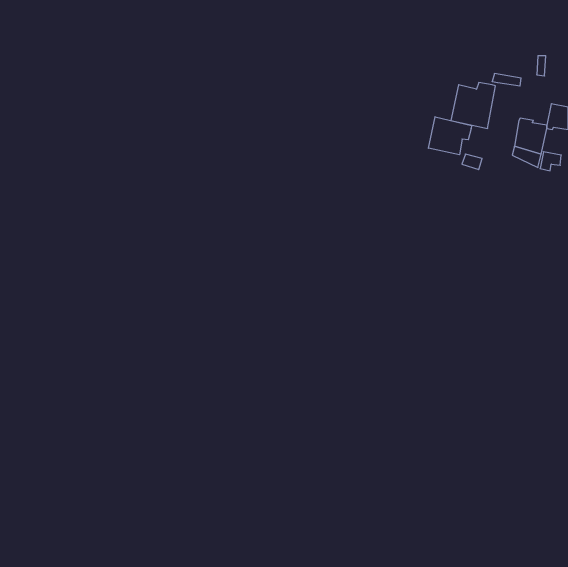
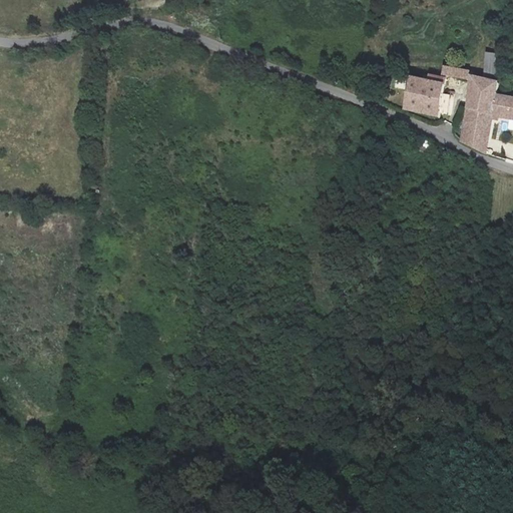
building: none -> [467,75,497,112]
building: [428,117,471,155] -> none

